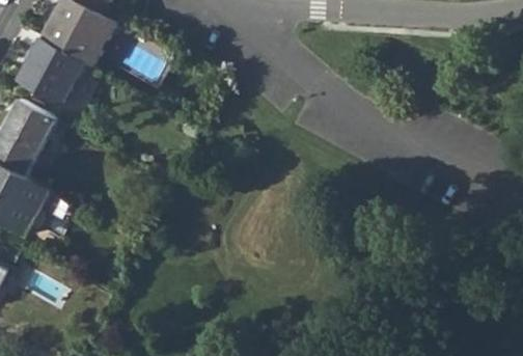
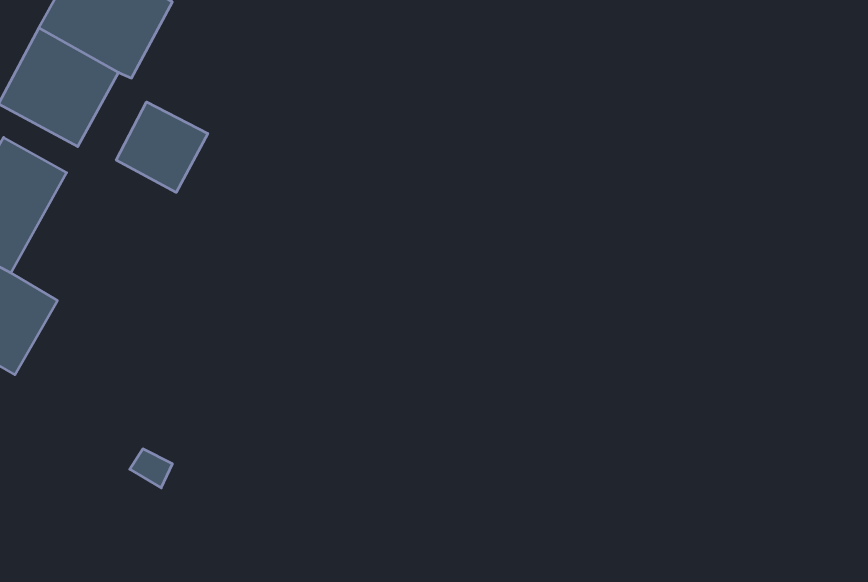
building: none -> [116,102,208,192]

